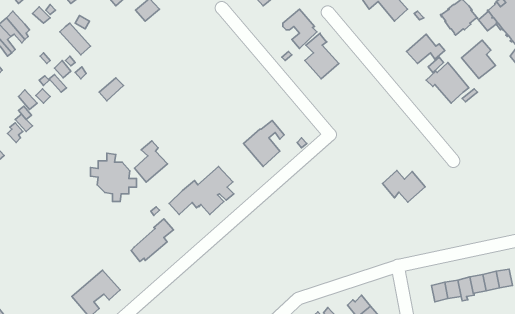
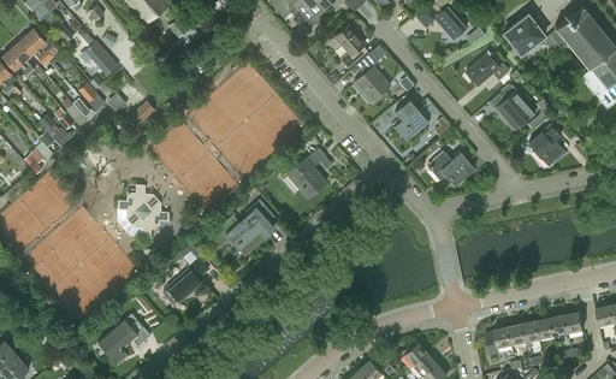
building: [461,40,495,78] -> [529,124,567,166]
building: none -> [395,99,430,141]
building: [134,141,168,182] -> none
building: [383,170,425,202] -> [428,150,475,185]

